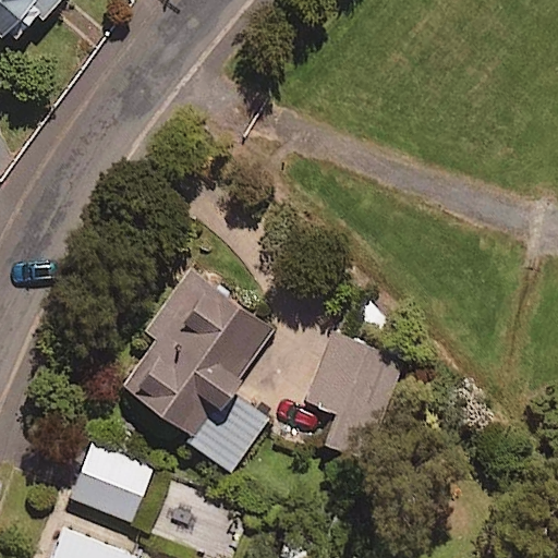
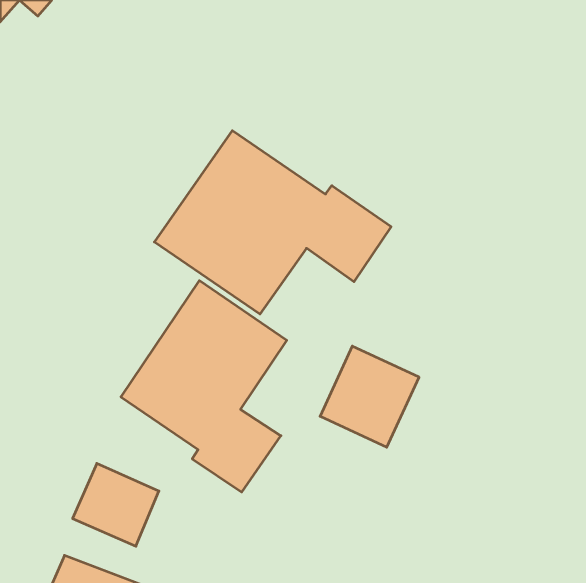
building: none -> [154,131,391,314]

